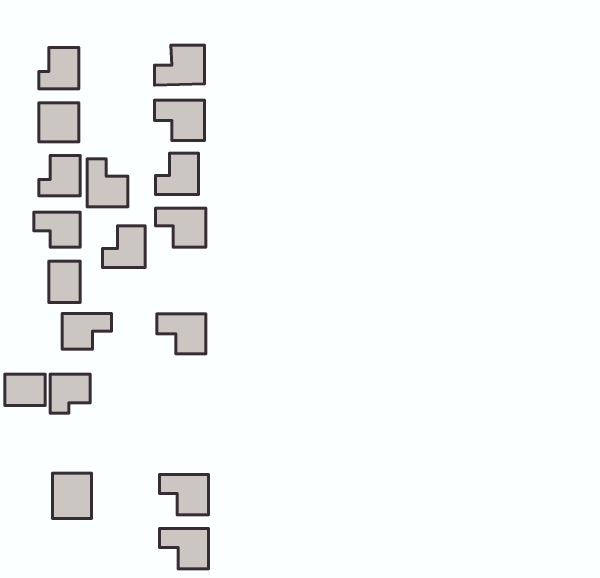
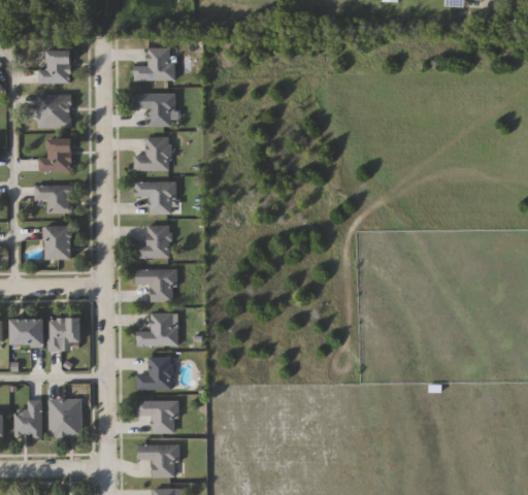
building: [87,159,128,207] -> none
building: [102,226,145,267] -> [134,224,169,258]
building: [62,313,111,349] -> none
building: none -> [136,312,176,345]
building: none -> [136,356,172,389]
building: none -> [14,399,41,436]

